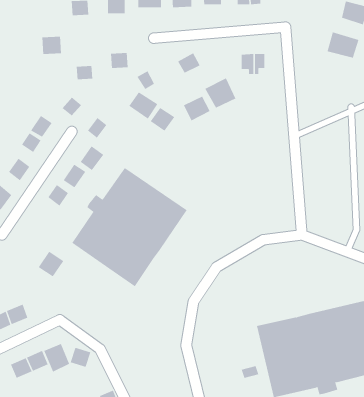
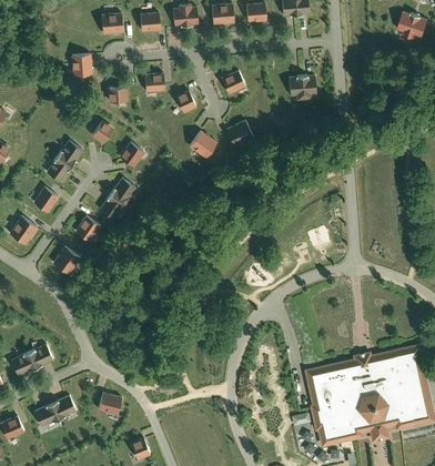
building: [327,31,359,59] -> none
building: [205,78,236,108] -> none
building: [129,91,158,120] -> none
building: [71,167,188,287] -> none
building: [38,251,64,277] -> [51,246,80,275]
building: [43,343,70,373] -> none

